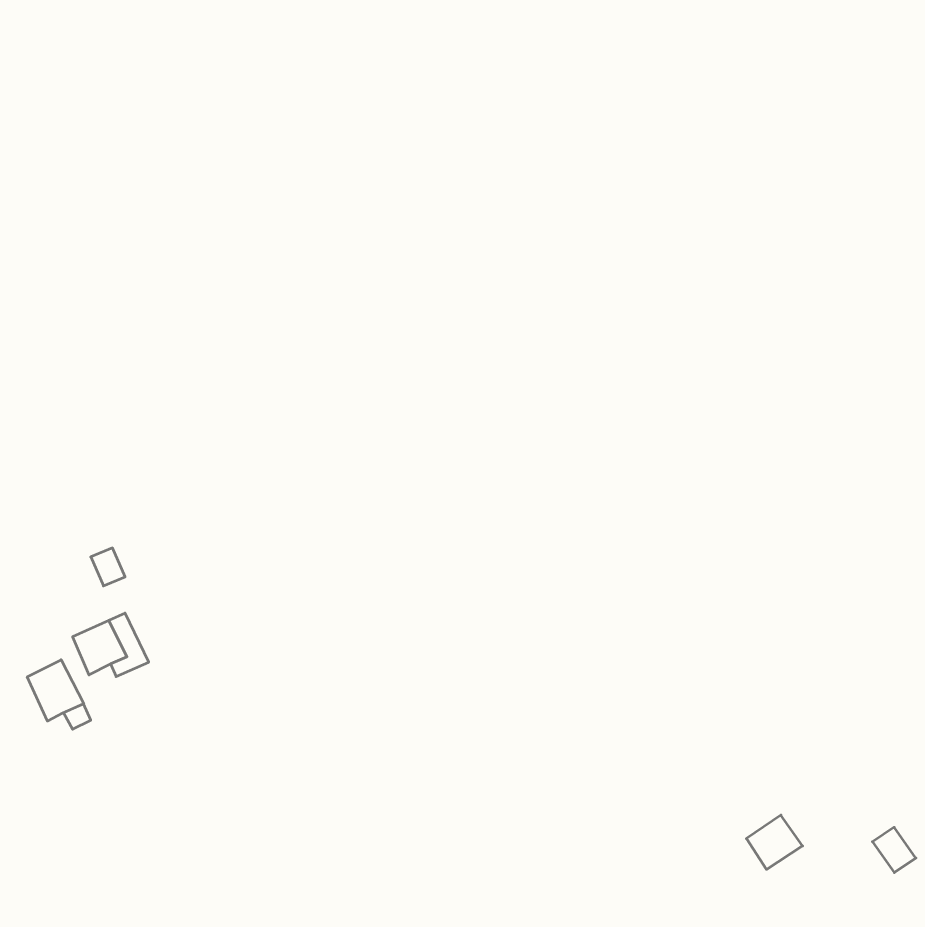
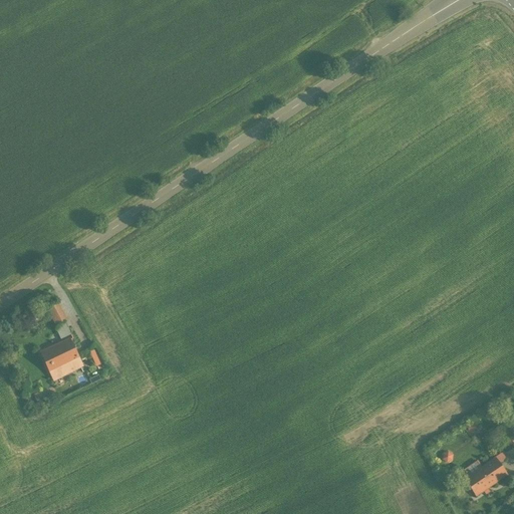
building: [27,660,84,721] -> none
building: [746,815,803,869] -> [465,466,496,496]

